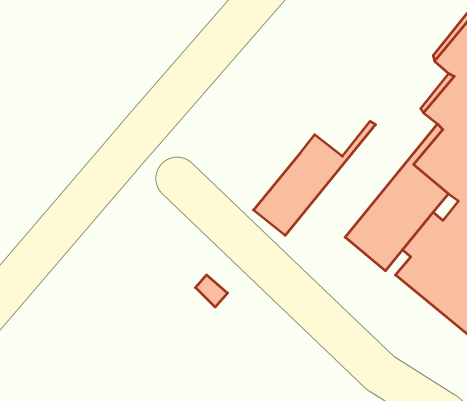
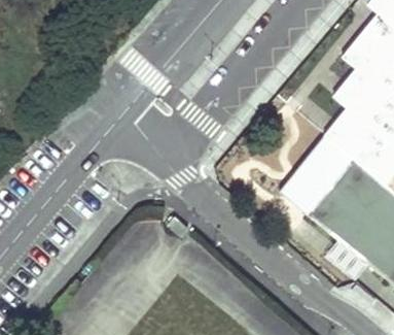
building: [253,121,376,235] -> none

